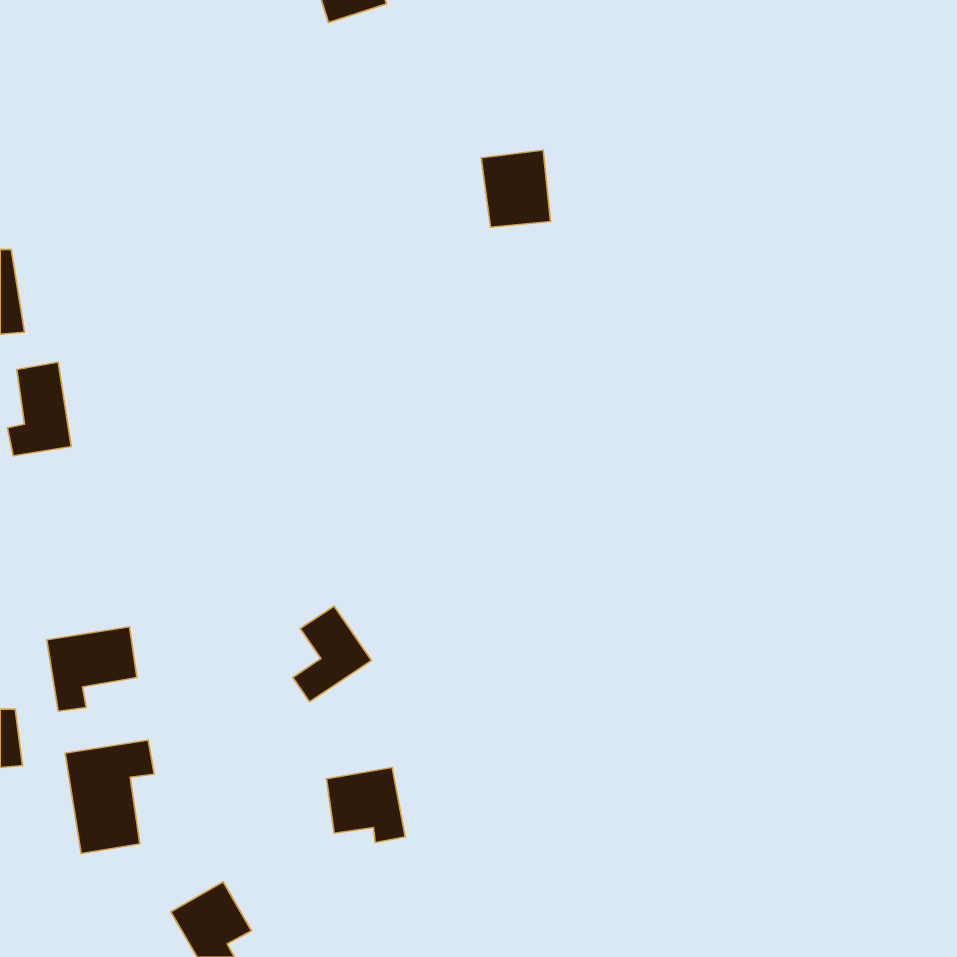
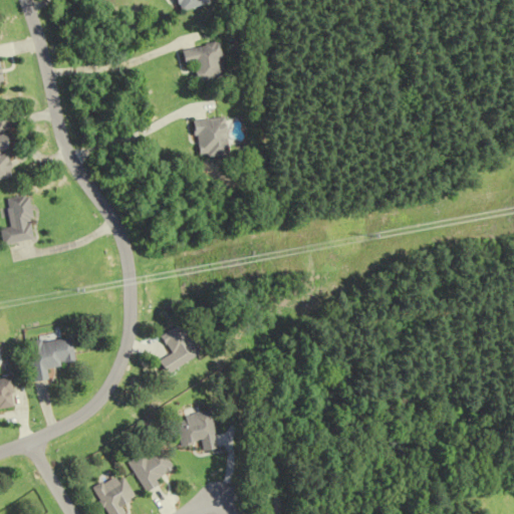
building: none -> [179,42,222,82]
building: [481,150,551,227] -> [191,116,228,158]
building: [65,740,154,854] -> none
building: none -> [126,448,174,492]

